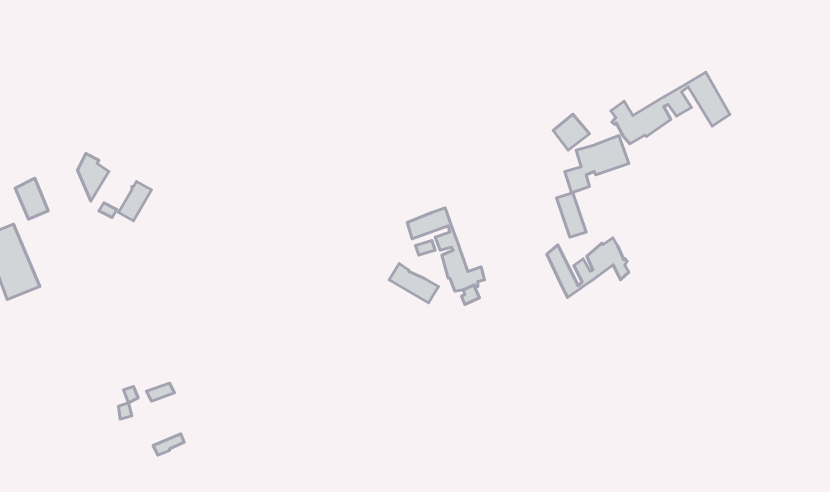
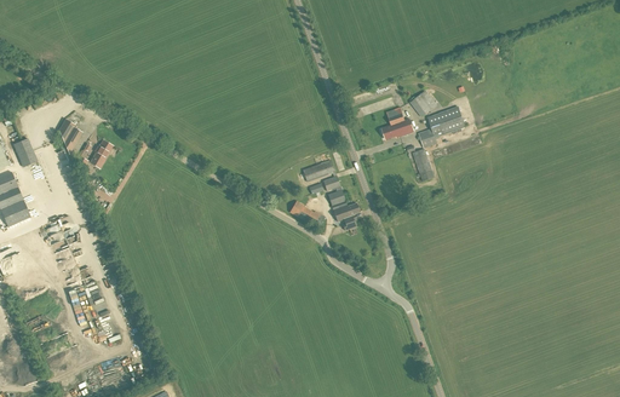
building: [611,72,730,144] -> none
building: none -> [381,107,413,138]
building: [547,238,629,298] -> none

